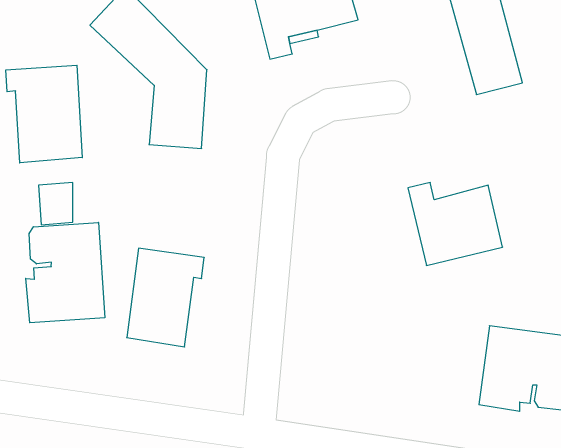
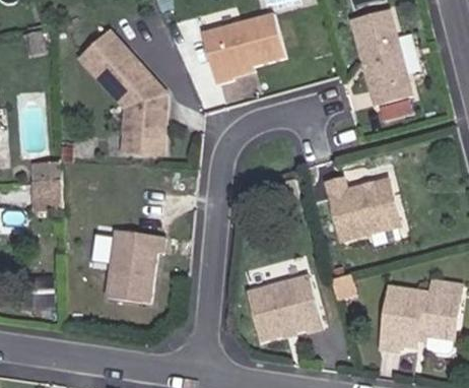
building: [6,65,82,163] -> none
building: [26,222,105,323] -> none
building: none -> [253,272,328,340]

